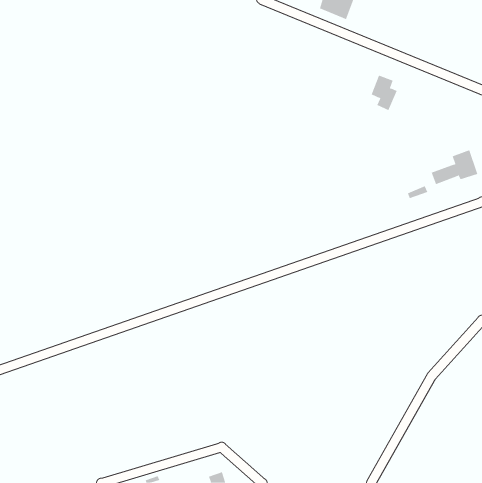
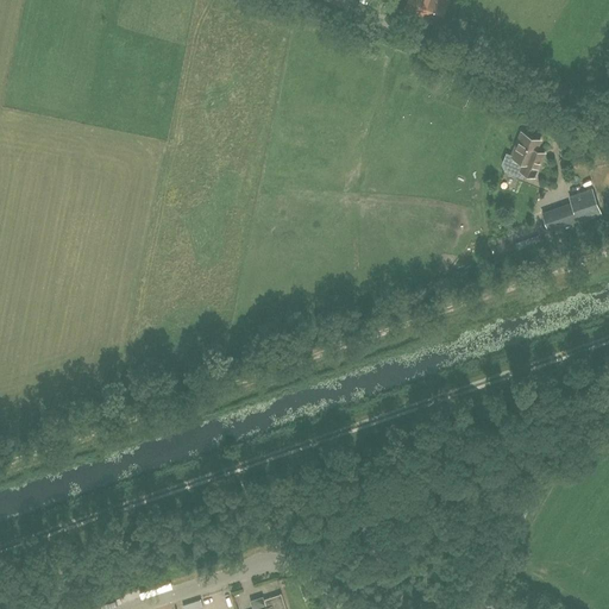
building: [371,75,397,111] -> [509,131,542,176]

